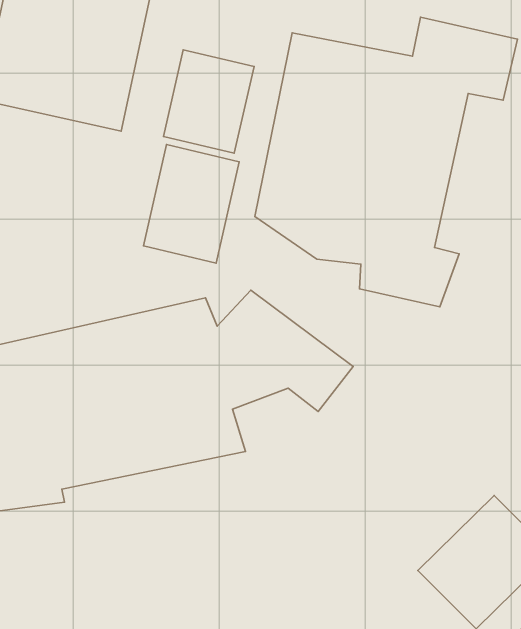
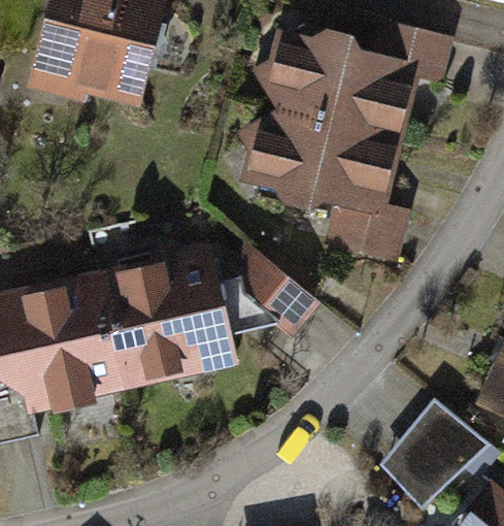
building: [163,50,254,153] -> none
building: [143,144,239,263] -> none

